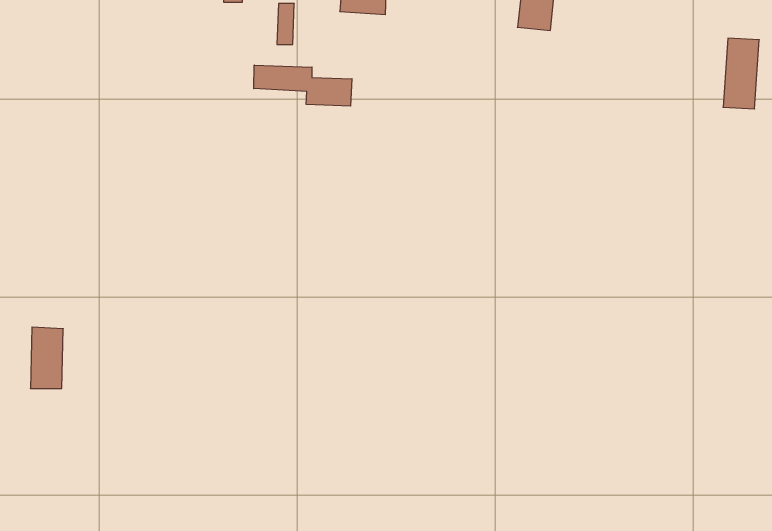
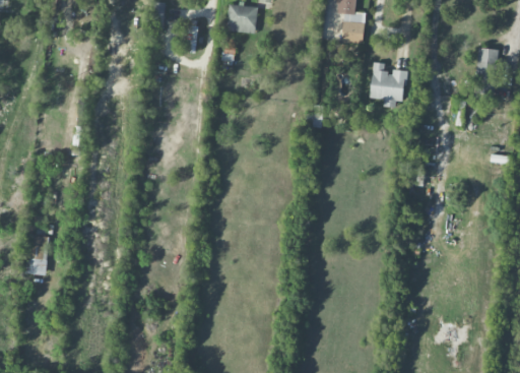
building: none -> [370,62,406,107]
building: [254,65,352,106] -> none

